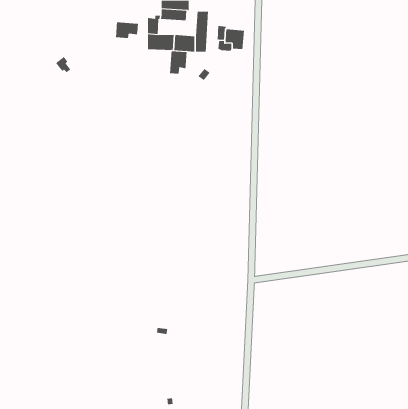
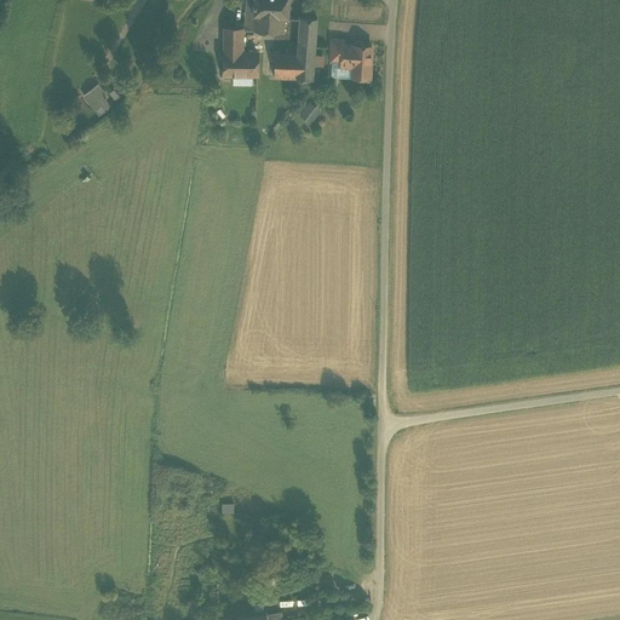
building: [115,22,139,39] -> none
building: [169,50,187,75] -> none

